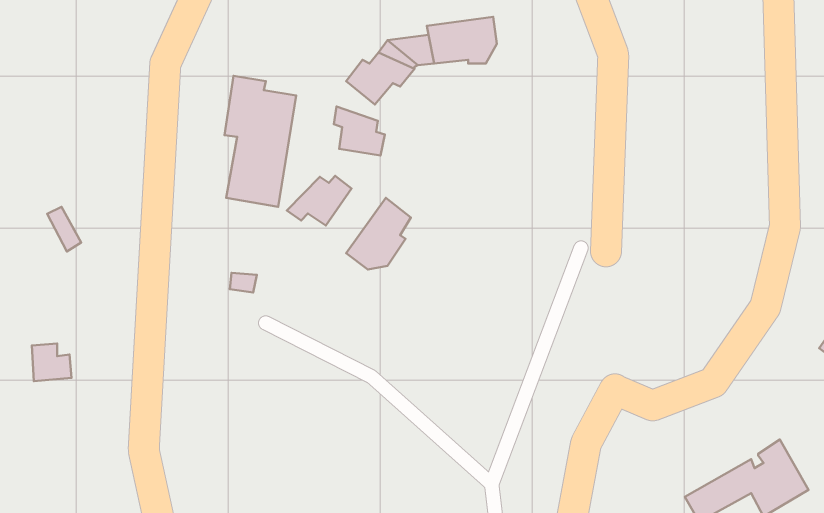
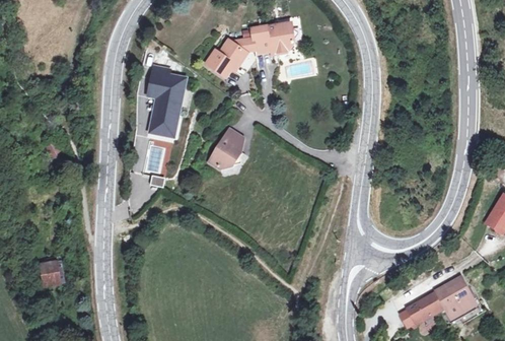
building: [334,106,385,155] -> none
building: [287,176,352,225] -> none
building: [32,344,71,381] -> [41,262,63,283]

